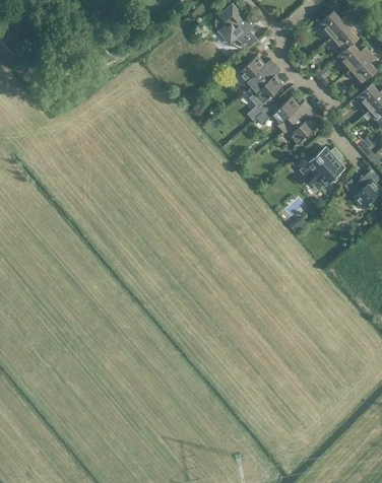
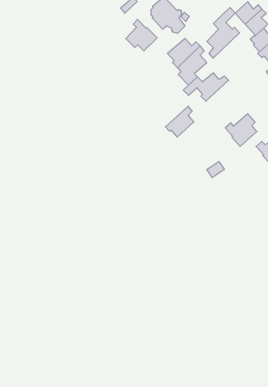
building: none -> [207,8,240,58]
building: none -> [126,19,157,51]
building: [282,107,317,144] -> [165,106,194,137]

